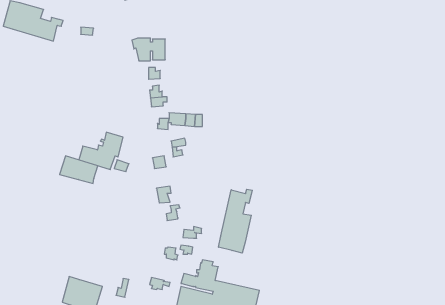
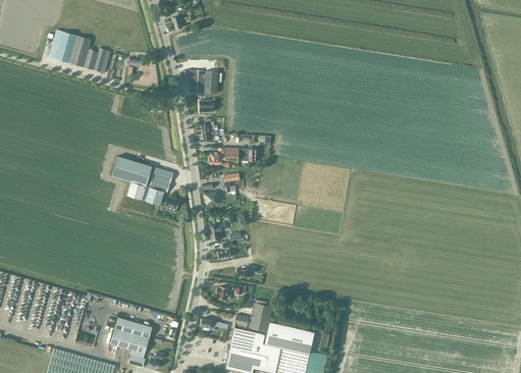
building: [60,156,98,183] -> [112,157,152,185]
building: [219,189,252,253] -> none

